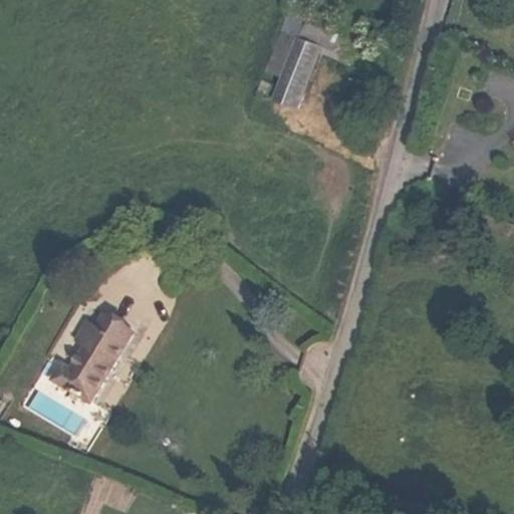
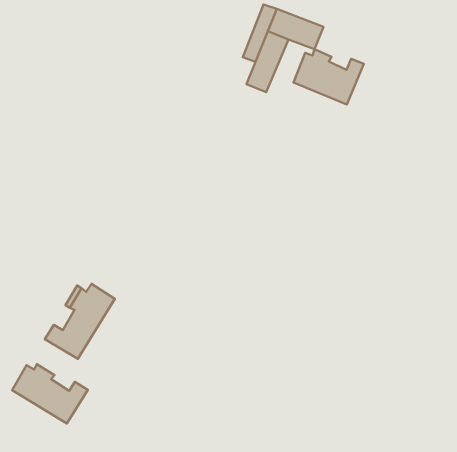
building: none -> [294,49,364,104]
building: none -> [12,364,88,423]

